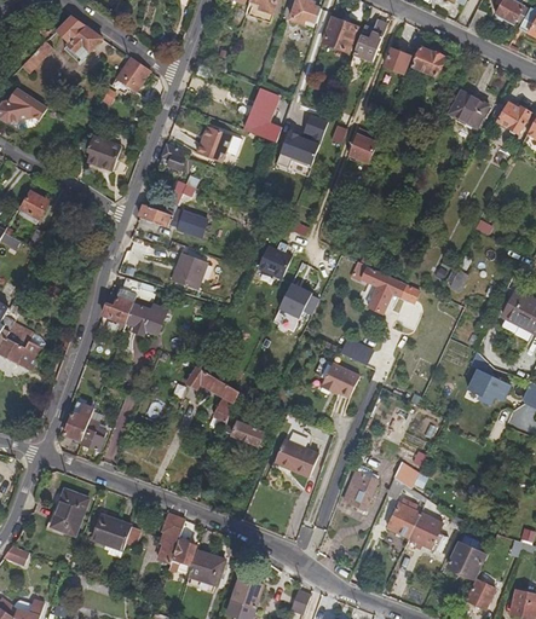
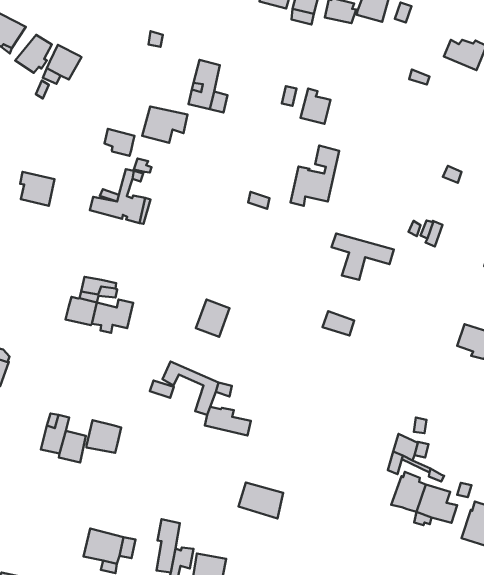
building: none -> [15,35,52,73]
building: [448,89,488,127] -> none
building: [276,112,328,167] -> [290,146,339,206]
building: [88,135,122,170] -> [20,172,55,206]
building: [258,244,292,277] -> none
building: [171,251,207,290] -> none
building: [278,282,312,318] -> [196,300,230,337]
building: [322,361,361,397] -> none
building: none -> [87,420,121,453]
building: [275,439,318,476] -> [238,482,283,518]
building: [342,472,376,509] -> none
building: [50,487,87,534] -> none

